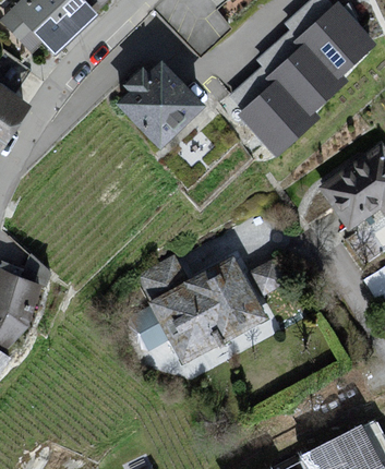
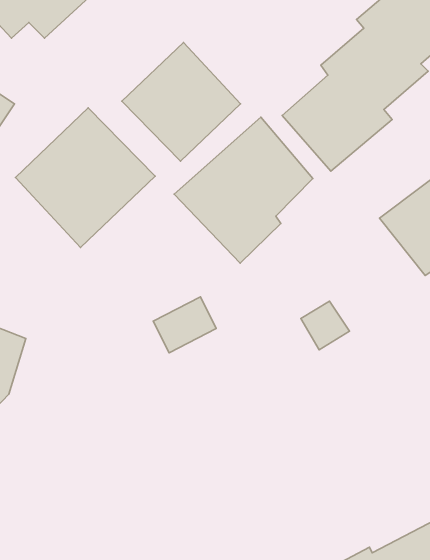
building: none -> [15,108,155,247]
building: none -> [174,117,313,263]
building: [129,261,268,366] -> none

